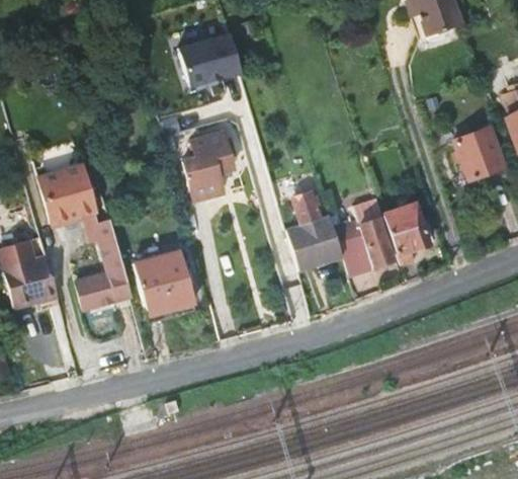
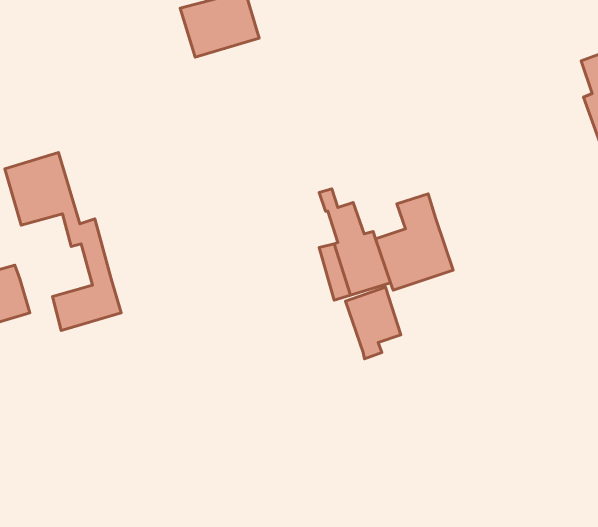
building: [457,129,507,179] -> none
building: [181,132,232,201] -> none
building: [385,208,430,265] -> [346,287,401,359]
building: [134,248,194,308] -> none

